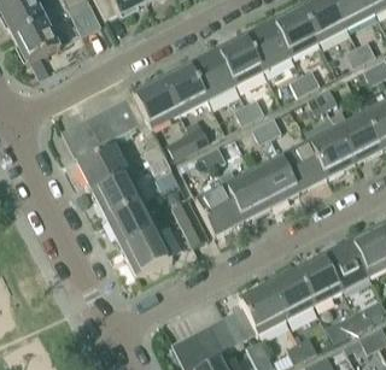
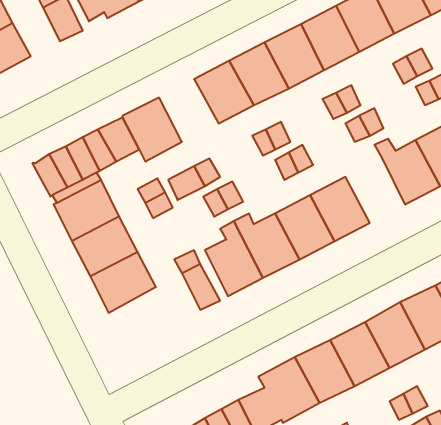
building: [159,64,206,113] -> none
building: [306,127,353,177] -> none
building: [119,228,171,276] -> none

